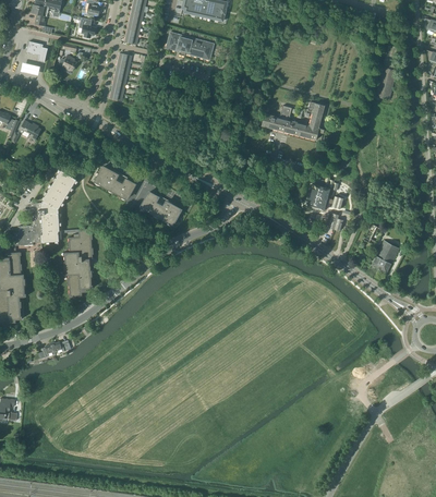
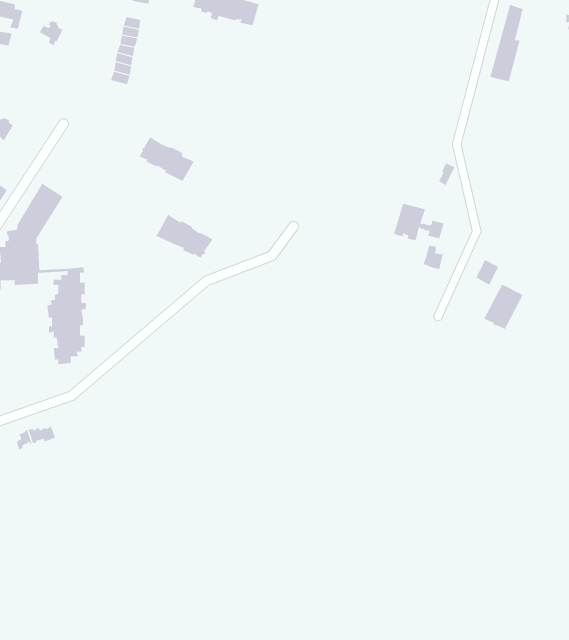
building: [262,100,324,140] -> none
building: [96,166,135,197] -> [139,137,195,182]

